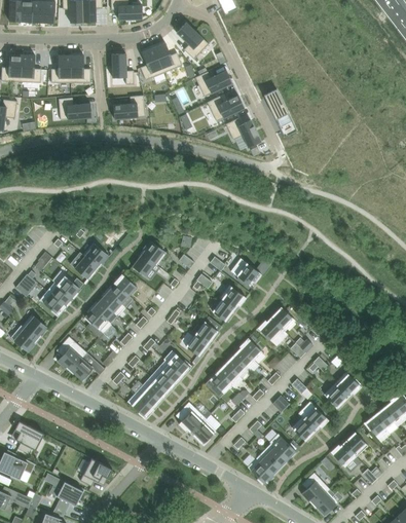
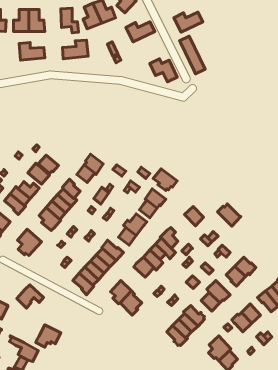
building: [207,96,244,121] -> [174,12,203,32]
building: [257,317,287,346] -> [218,204,241,226]
building: [70,352,104,382] -> [17,285,43,308]

